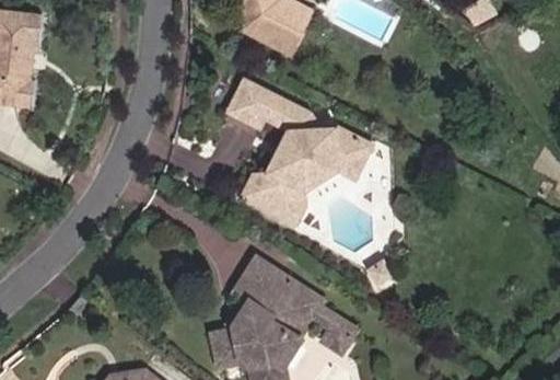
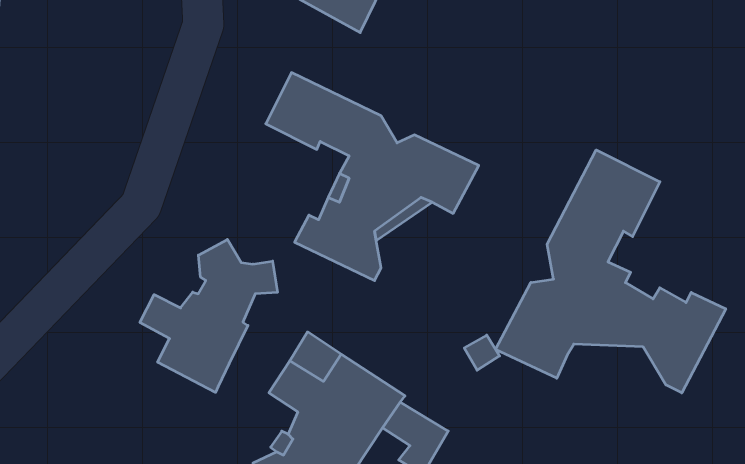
building: none -> [496,150,726,393]
building: none -> [140,239,277,392]

